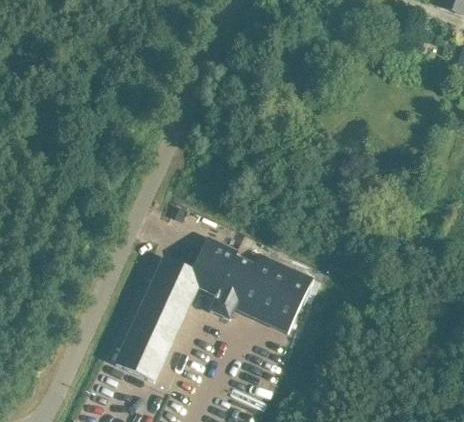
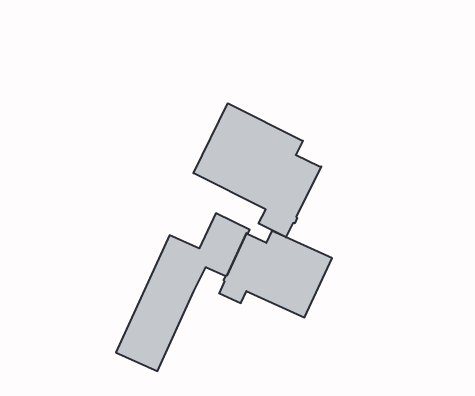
building: none -> [193,103,321,237]

